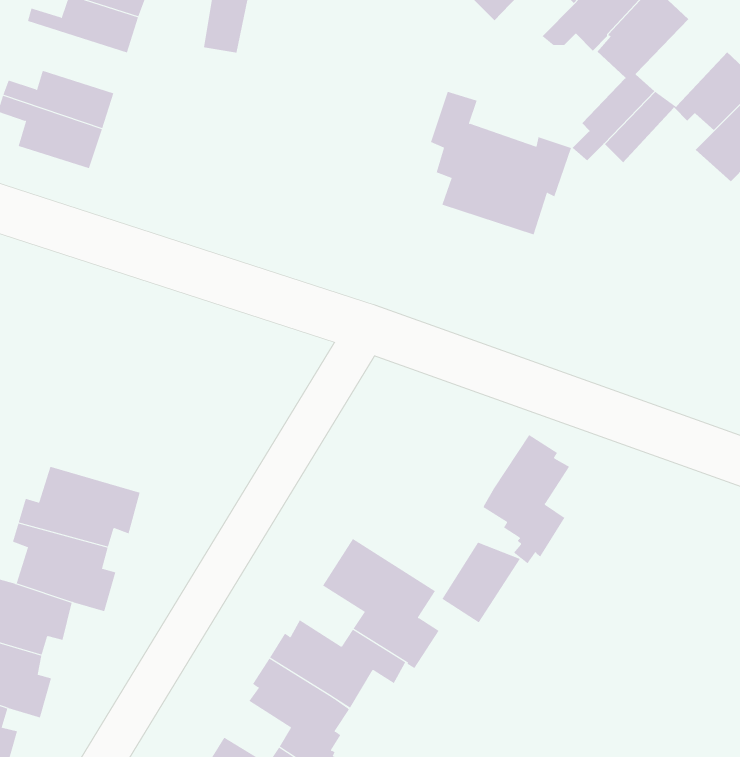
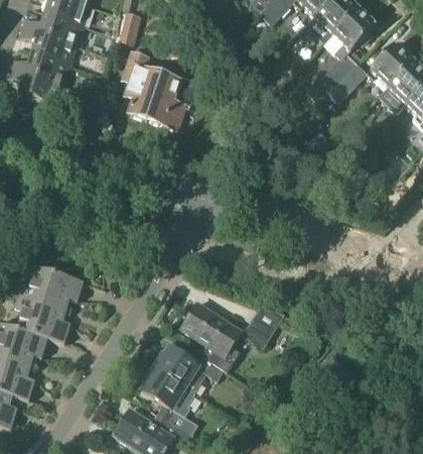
building: none -> [20,26,77,65]
building: [430,91,572,235] -> [124,50,199,127]
building: [481,434,570,564] -> none

